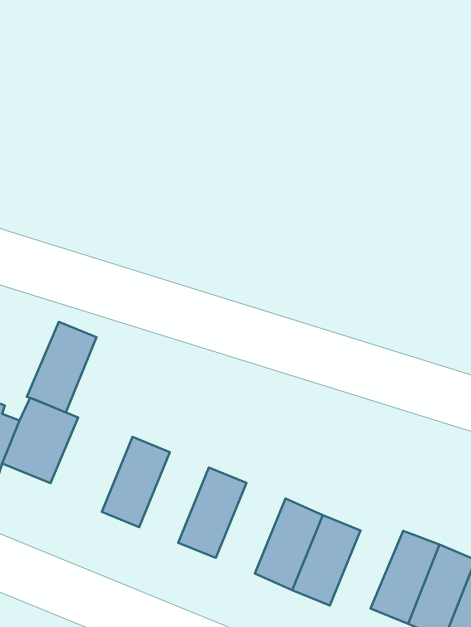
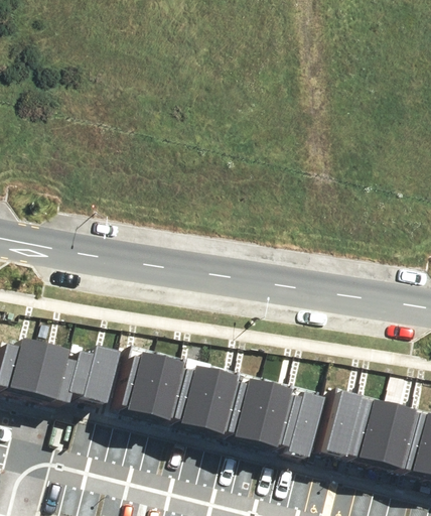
building: [27,322,96,412] -> [115,351,158,414]
building: none -> [172,365,216,428]
building: none -> [230,379,273,442]
building: none -> [317,390,360,456]

